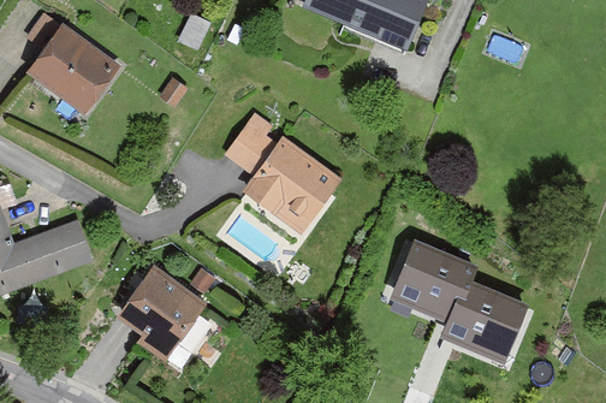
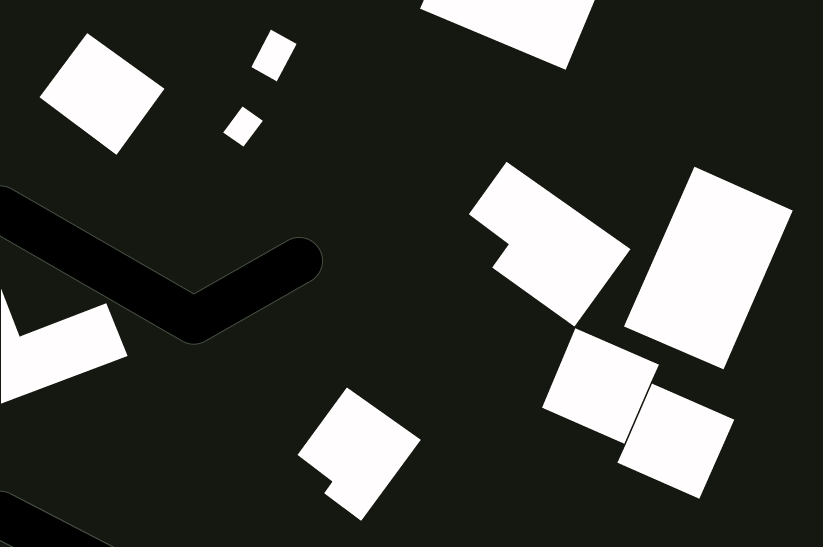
building: [225,114,343,235] -> [468,161,631,328]
building: none -> [623,166,793,370]
building: [118,265,208,362] -> [296,386,422,522]

